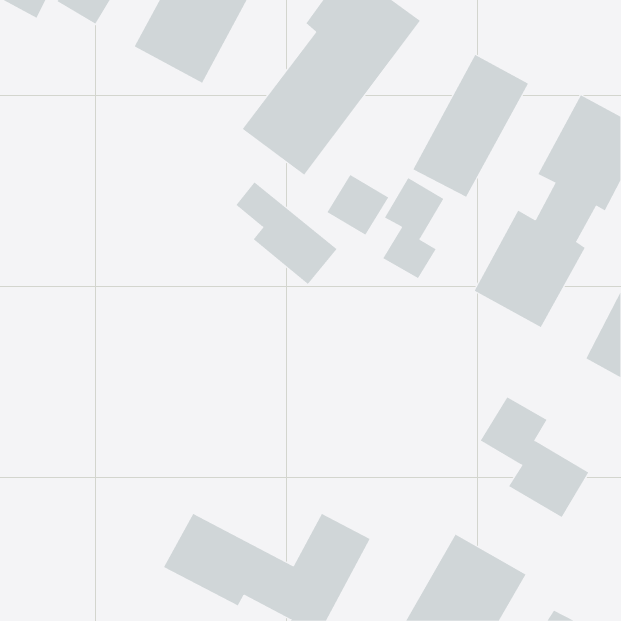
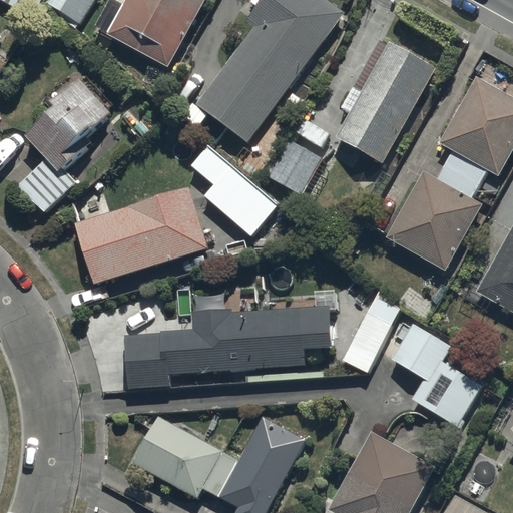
building: none -> [20,71,110,210]
building: [383,177,444,279] -> none
building: none -> [77,193,203,282]
building: none -> [342,296,399,370]
building: none -> [123,305,333,386]

